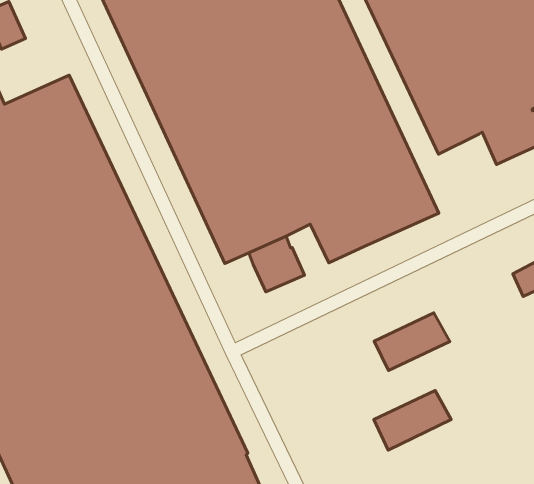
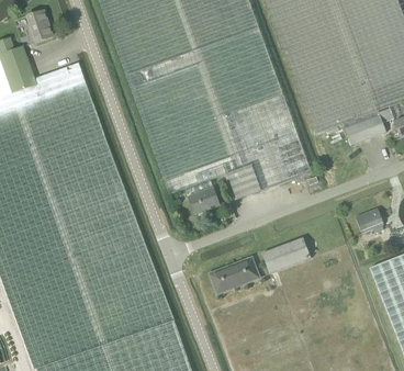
building: [374,391,451,450] -> [210,257,260,293]

